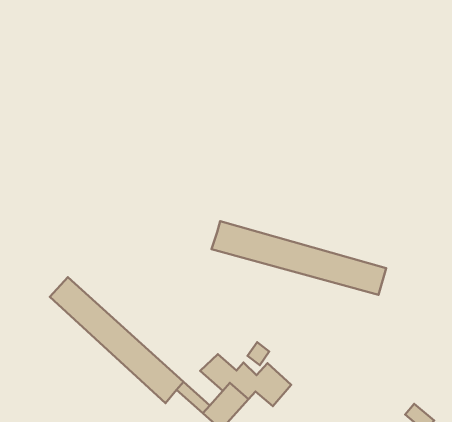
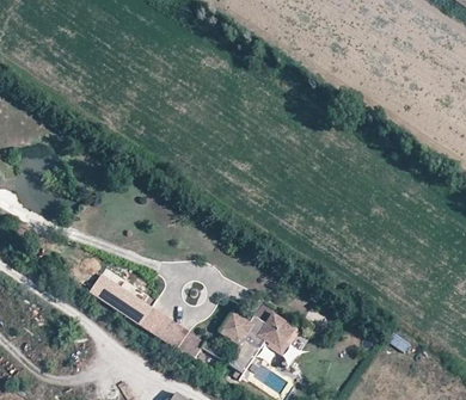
building: [211,221,386,295] -> none

